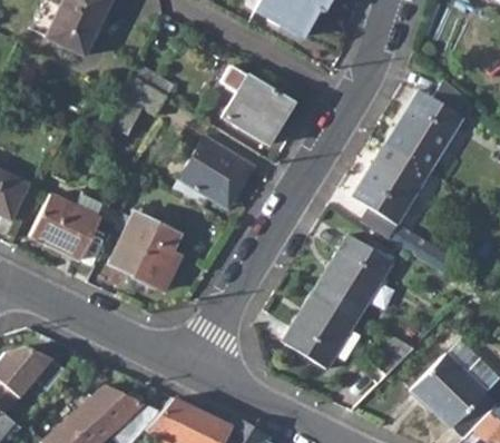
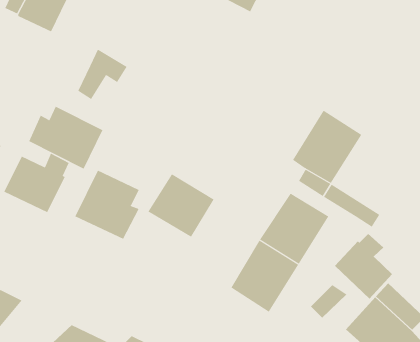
building: [218,67,292,144] -> none
building: [386,81,469,173] -> none
building: [179,136,254,207] -> [148,174,214,237]
building: none -> [28,106,103,170]
building: none -> [334,233,393,300]

